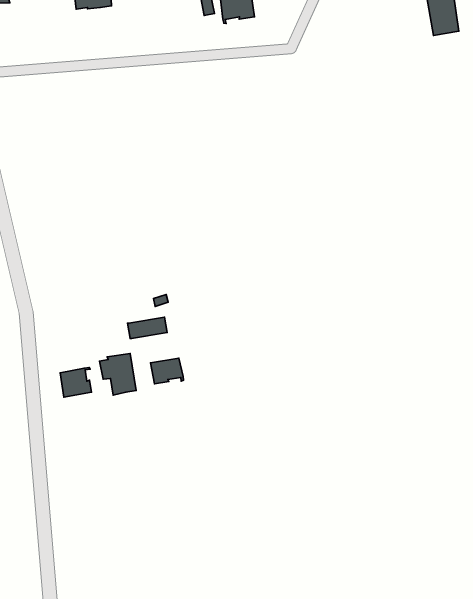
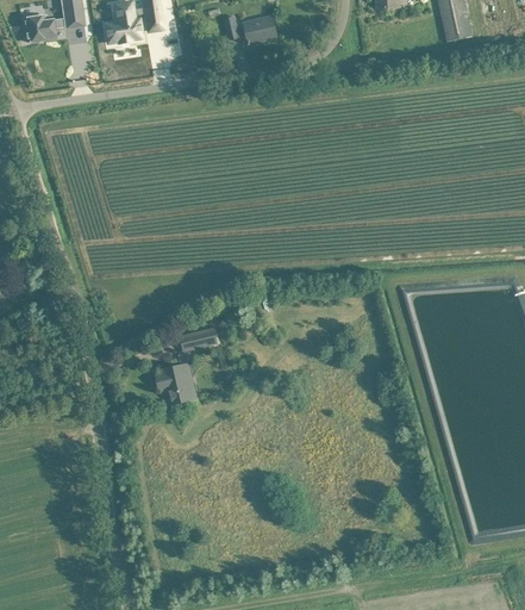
building: [150,358,183,384] -> none
building: [60,368,92,397] -> none

